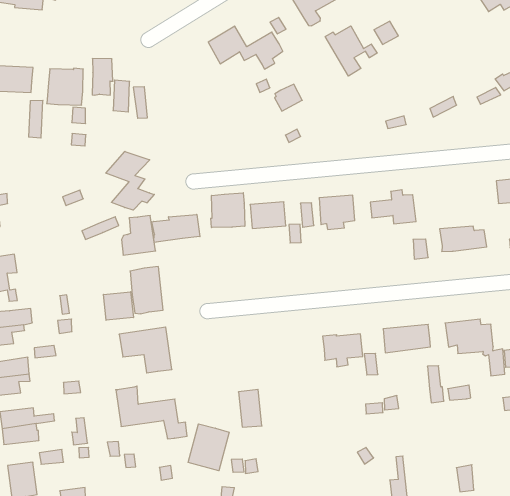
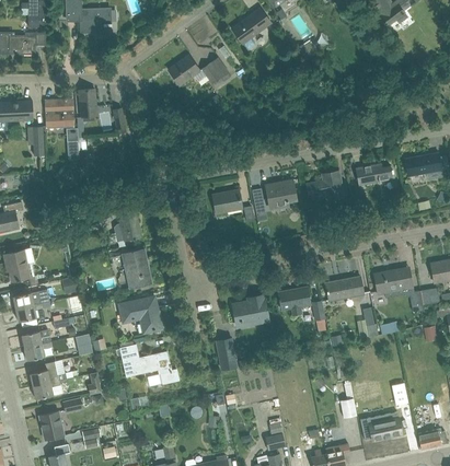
building: [325,26,377,76] -> none
building: [106,151,154,210] -> none
building: [211,193,245,228] -> none
building: [152,214,200,242] -> none
building: [440,226,487,251] -> [355,163,393,185]
building: [103,292,133,320] -> none
building: none -> [232,294,268,324]
building: [188,424,229,471] -> none

